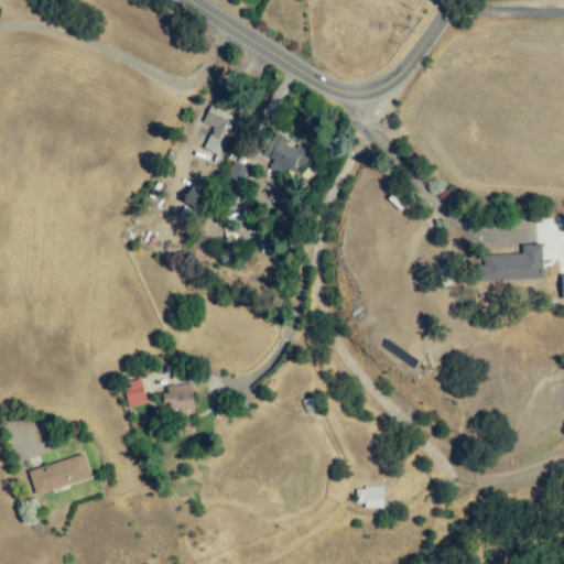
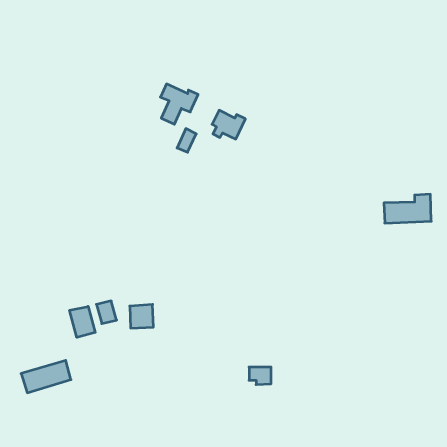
building: [184,182,212,210] -> none
building: none -> [70,306,95,337]
building: [356,487,383,509] -> [249,367,271,385]

